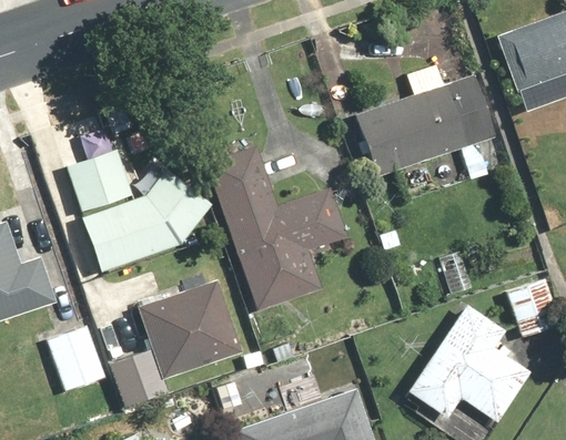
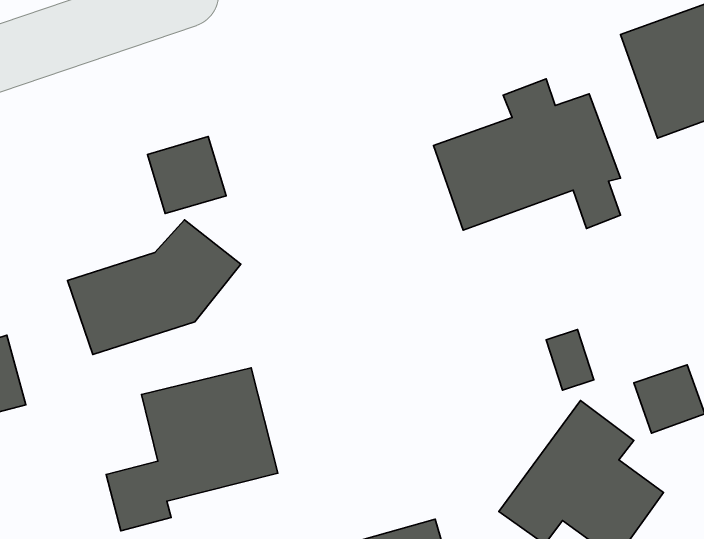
building: [206,146,344,309] -> none
building: [68,152,127,209] -> [148,137,226,214]
building: [49,323,112,392] -> none

